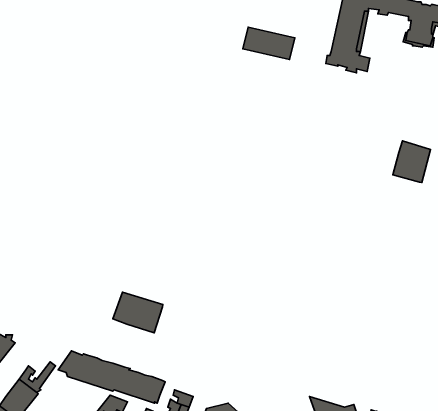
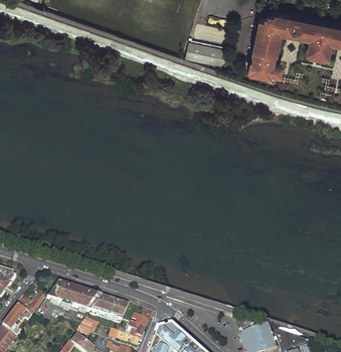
building: [393,141,430,183] -> none
building: [113,292,163,333] -> none

